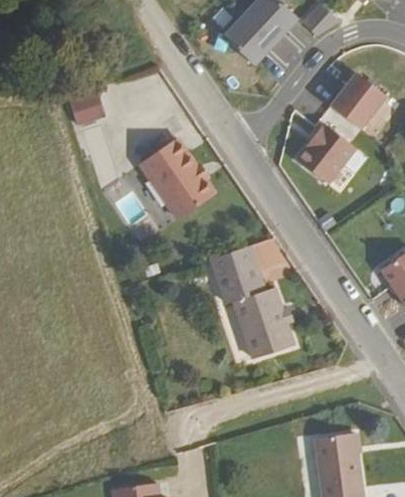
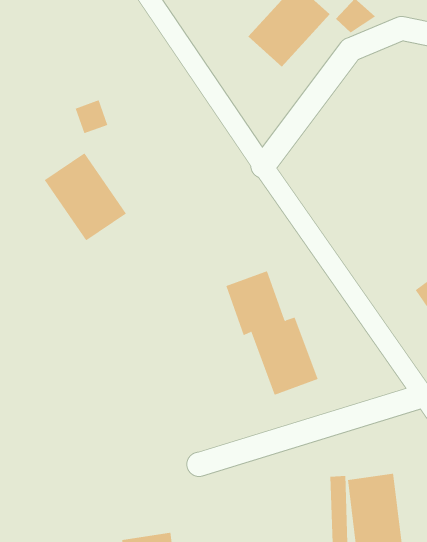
building: [327,68,383,126] -> none
building: [297,123,357,184] -> none
building: [142,138,217,218] -> [44,153,127,241]

